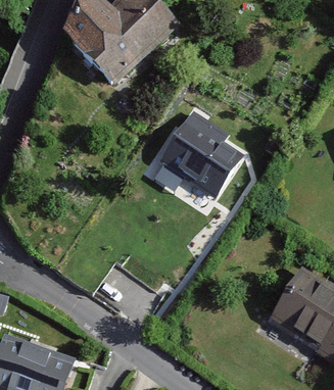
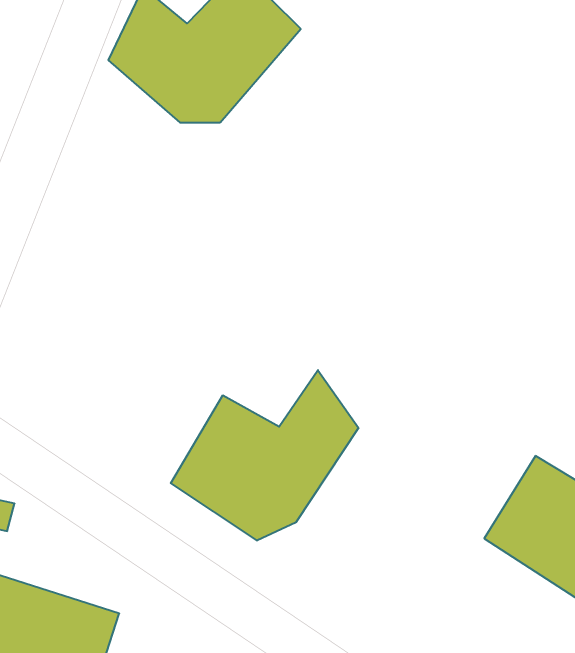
building: [144,102,242,194] -> none
building: none -> [171,370,358,541]

